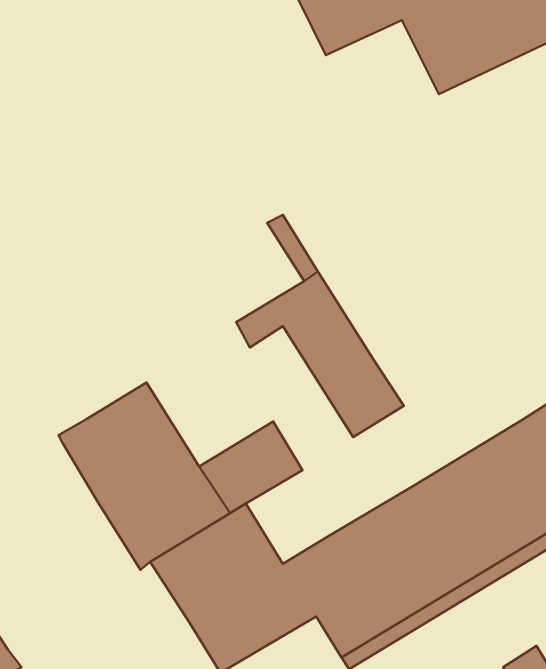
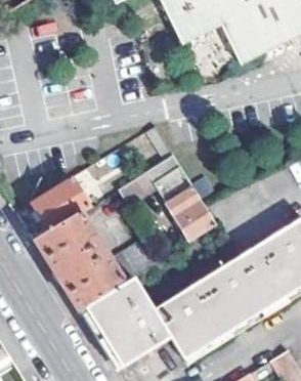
building: none -> [34,176,92,232]

